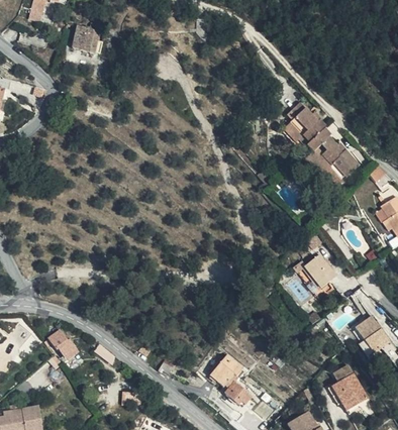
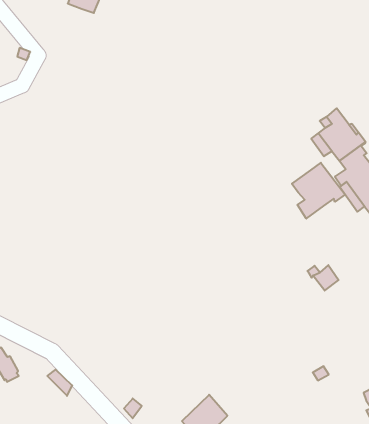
building: none -> [292,163,345,219]
building: [303,254,335,288] -> none

